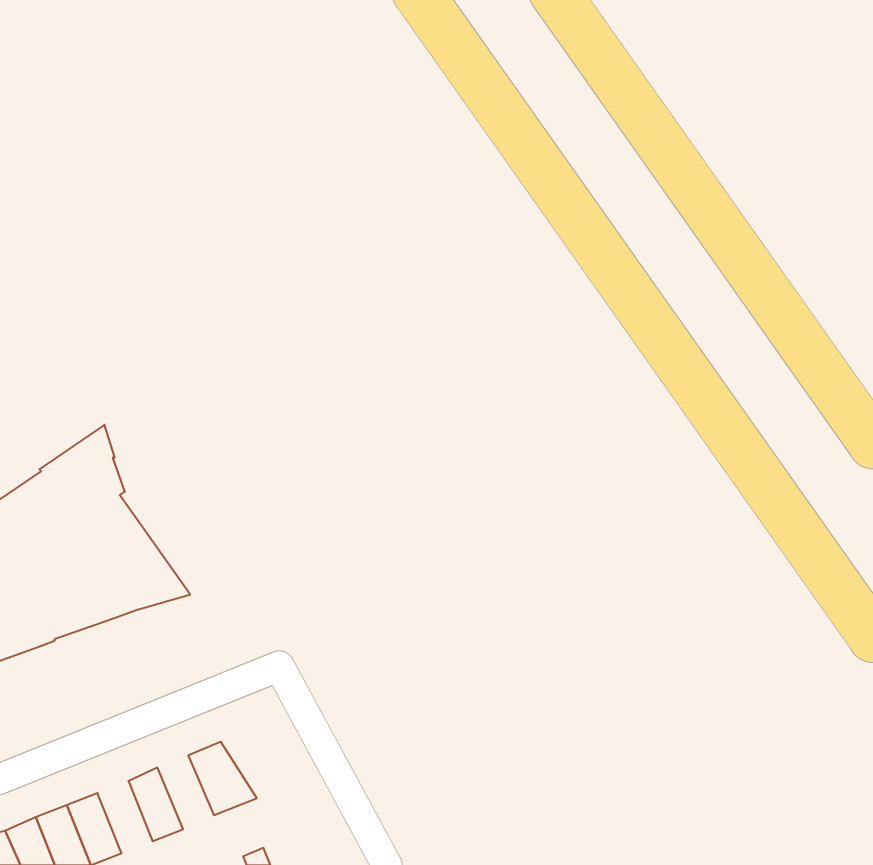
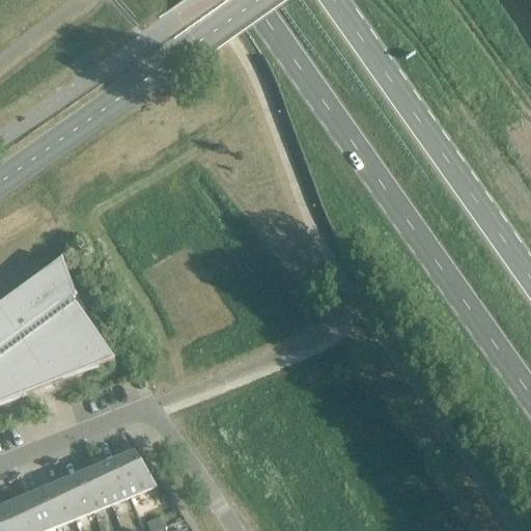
building: none -> [95,457,130,502]
building: none -> [59,473,92,516]

